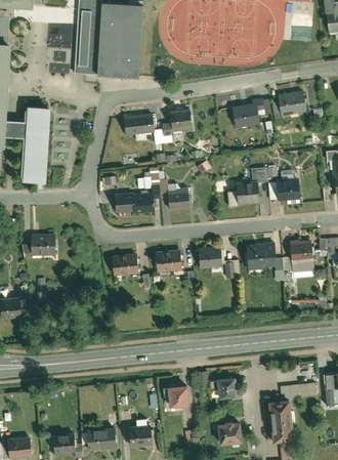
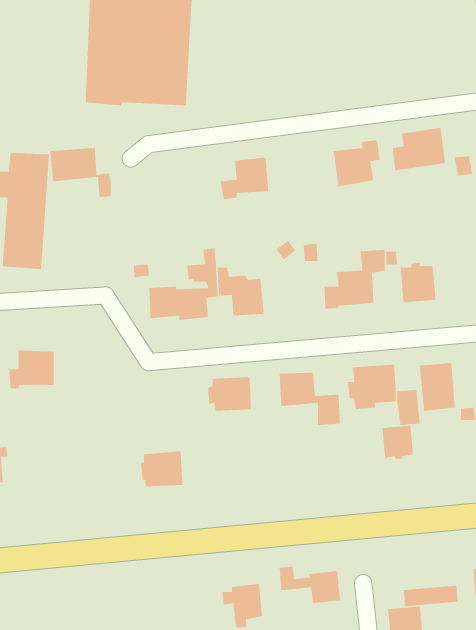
building: [123,114,163,147] -> [49,147,111,198]
building: [110,253,137,277] -> [140,451,183,487]
building: none -> [381,425,414,460]

